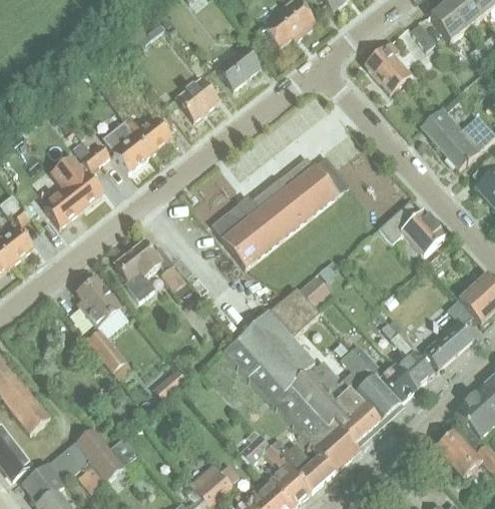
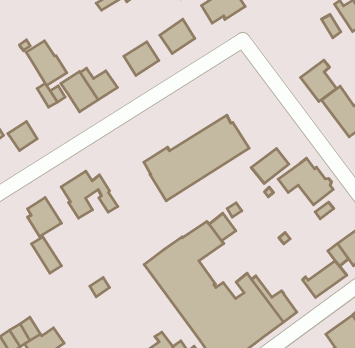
building: [364,41,409,92] -> [301,60,337,102]
building: [50,155,102,209] -> [26,41,67,86]
building: none -> [251,149,289,183]
building: [381,323,434,388] -> none

